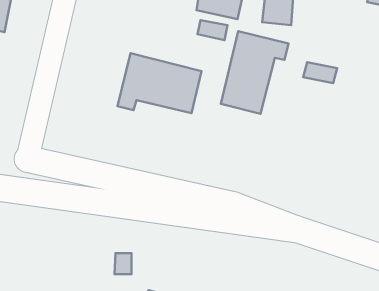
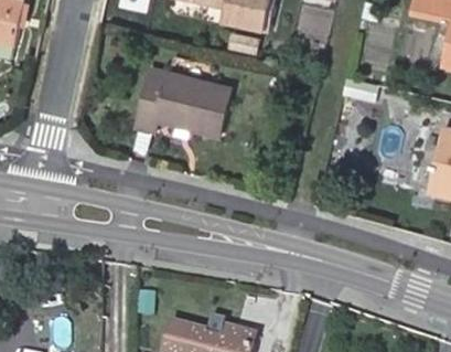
building: [221,31,288,114] -> none

